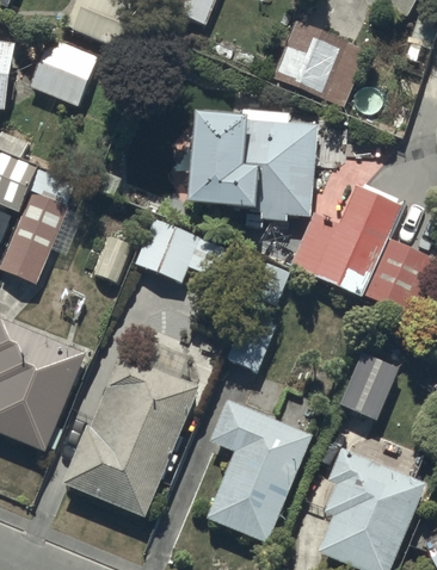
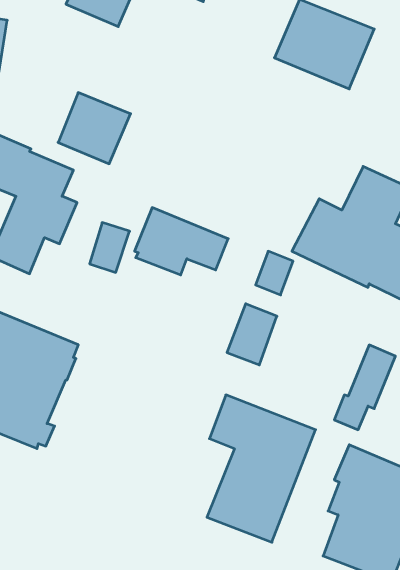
building: [30,39,99,107] -> [58,93,131,164]
building: [189,109,316,222] -> none
building: [62,340,199,516] -> none

